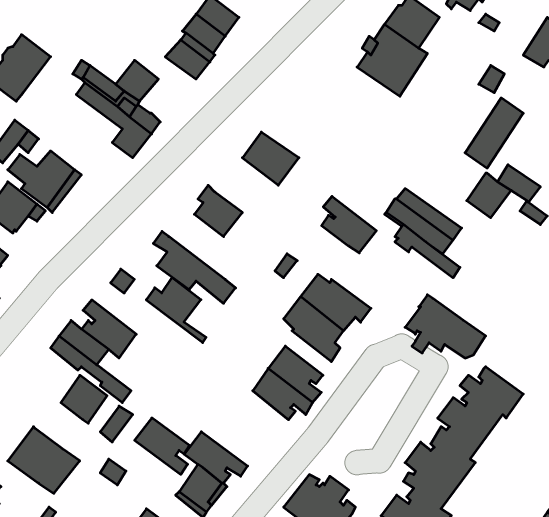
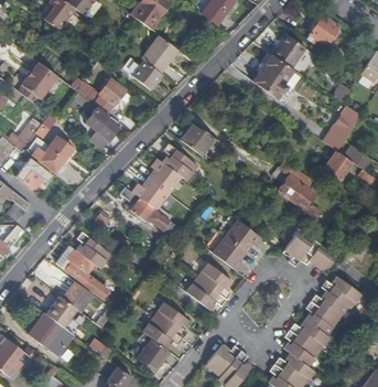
building: [322,196,376,253] -> [162,143,197,180]
building: [146,277,206,343] -> [132,176,171,218]
building: none -> [46,295,77,327]
building: [135,418,189,474] -> [153,302,188,338]

